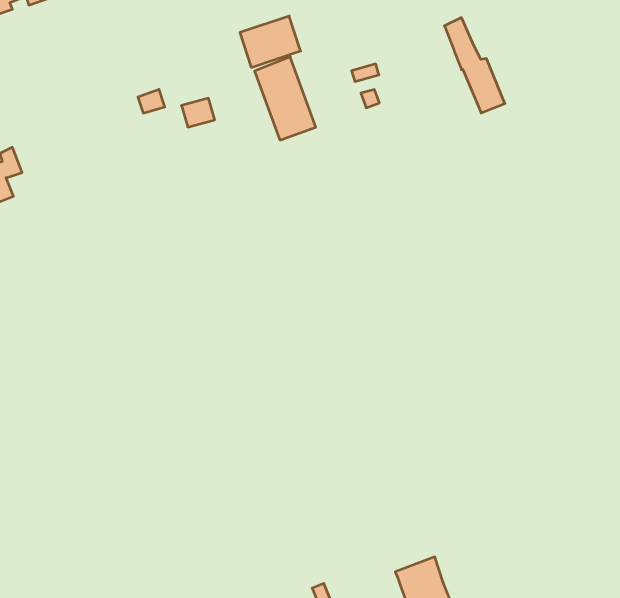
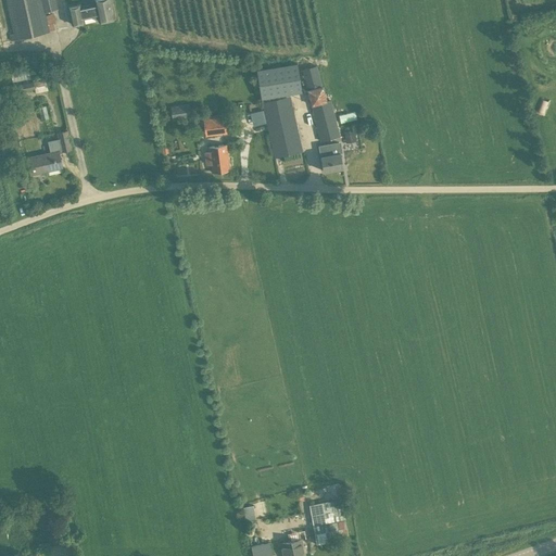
building: [444,18,505,113] -> [302,66,339,142]
building: none -> [318,143,341,173]
building: none -> [203,146,229,173]

